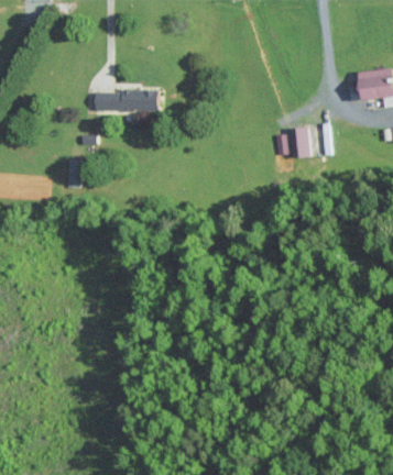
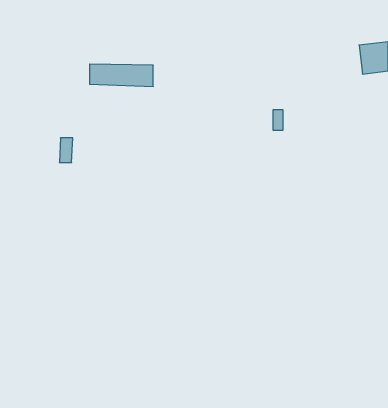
building: [290,128,310,159] -> none

